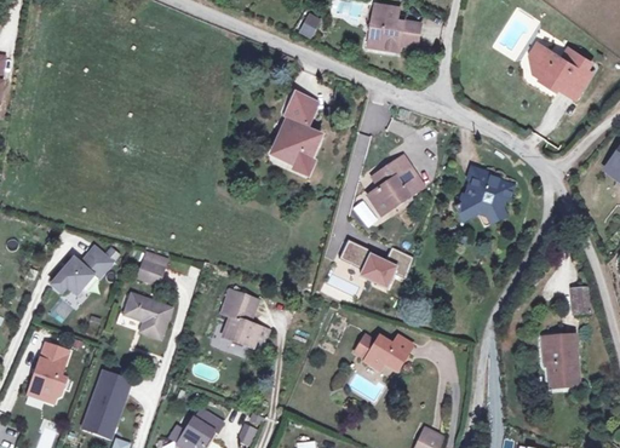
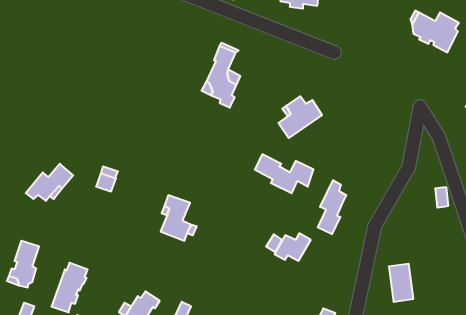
building: [458,168,517,223] -> none
building: none -> [318,180,346,234]
building: [124,292,171,335] -> none
building: [542,335,574,384] -> [389,264,413,302]

